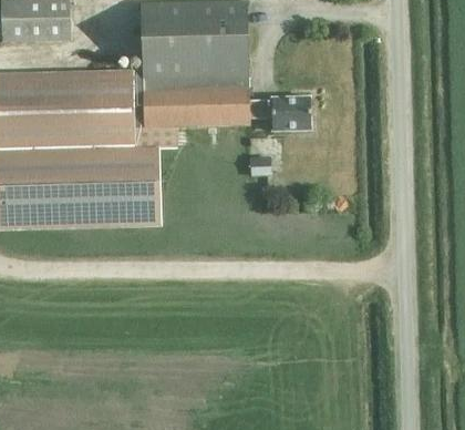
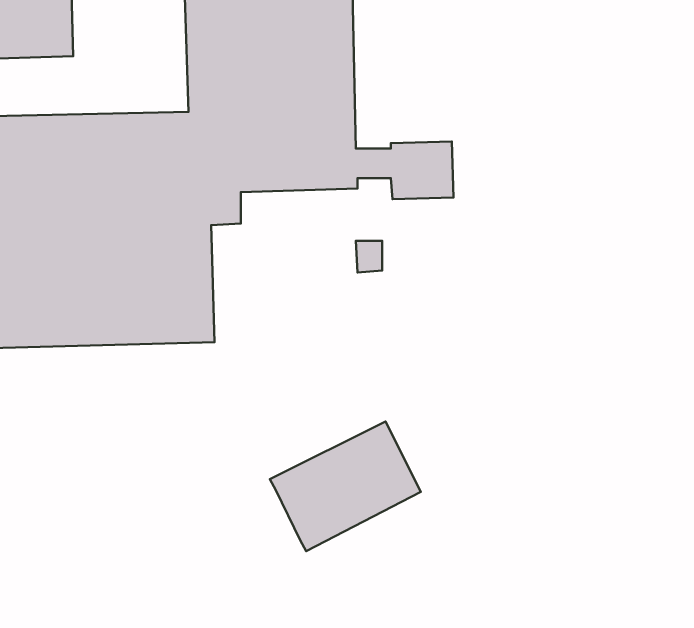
building: none -> [270,422,421,551]

